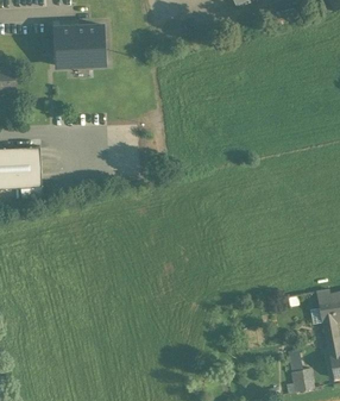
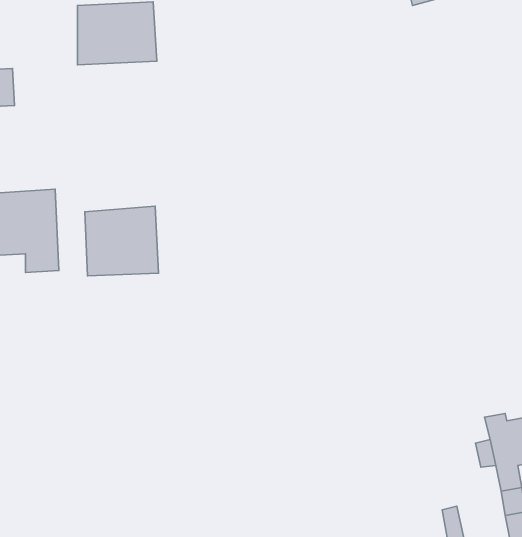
building: none -> [85,206,158,276]

